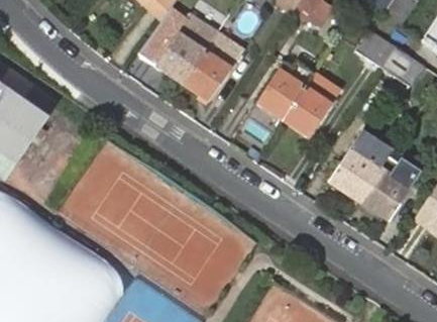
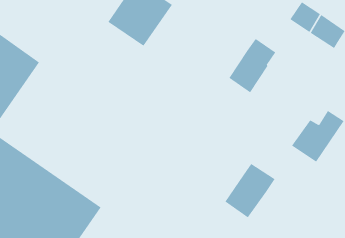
building: [182,33,242,101] -> none
building: [256,63,314,120] -> none
building: [329,135,390,201] -> [225,163,275,218]

